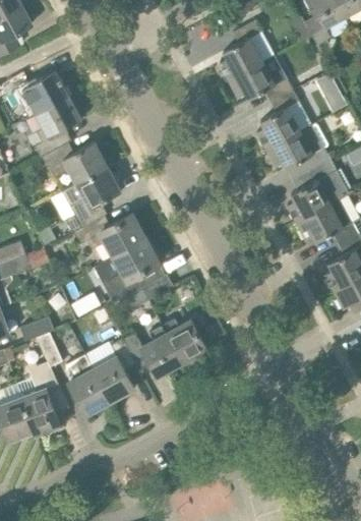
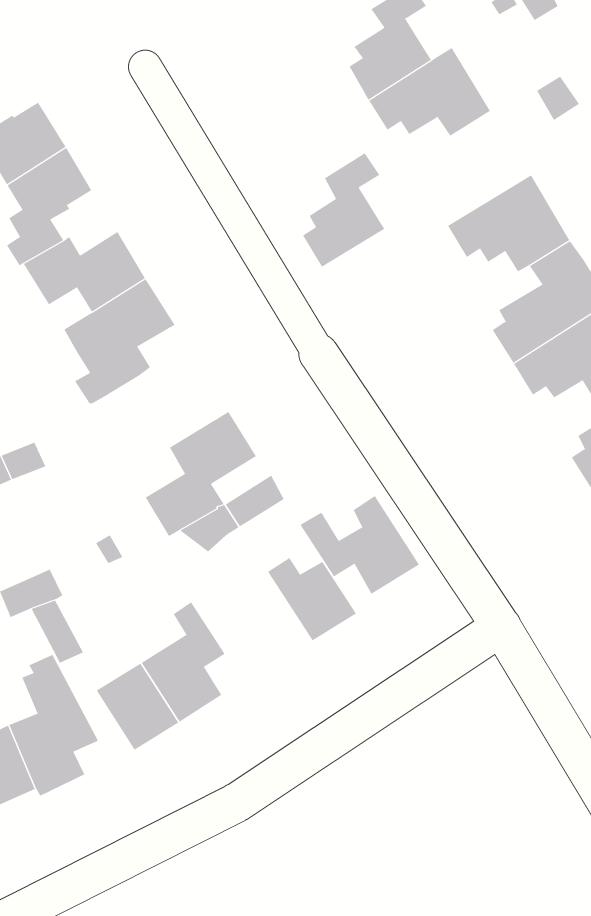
building: [257,90,301,149] -> [302,152,385,267]
building: [75,214,146,256] -> none
building: [121,325,183,377] -> [299,495,420,594]

